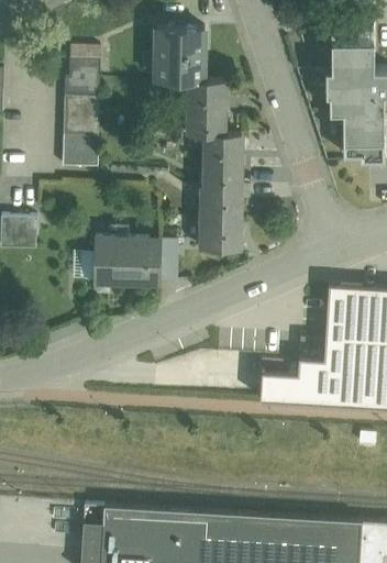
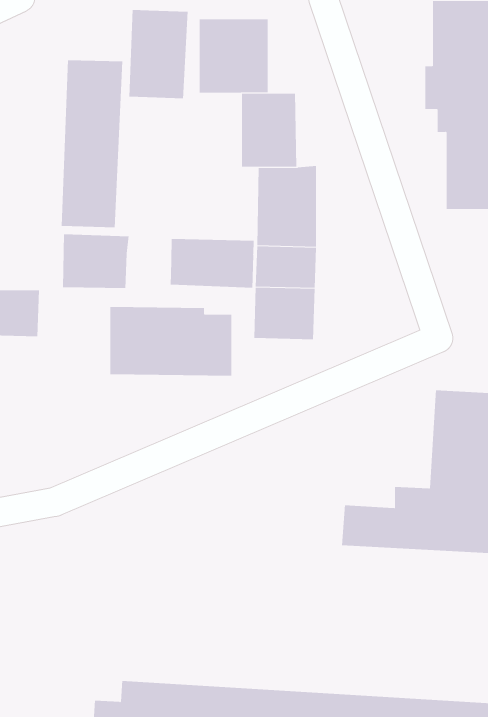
building: none -> [129,9,188,99]
building: none -> [63,233,129,289]
building: none -> [170,238,254,288]

